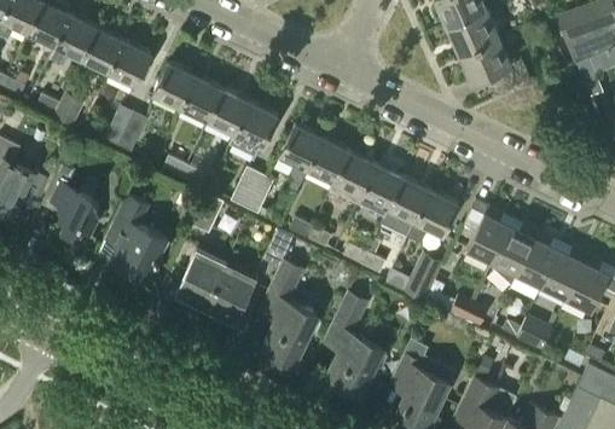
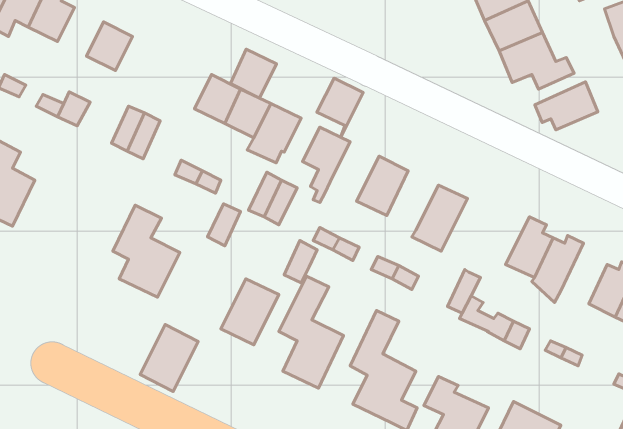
building: [48,15,97,65] -> none
building: [108,41,151,86] -> none
building: [153,63,196,108] -> [230,49,276,98]
building: none -> [535,82,598,130]
building: [307,138,349,192] -> [317,78,363,137]
building: [43,163,99,243] -> none
building: [356,164,404,219] -> none
building: [406,190,458,245] -> none
building: [516,231,558,286] -> none
building: [174,248,227,309] -> [140,324,198,392]

